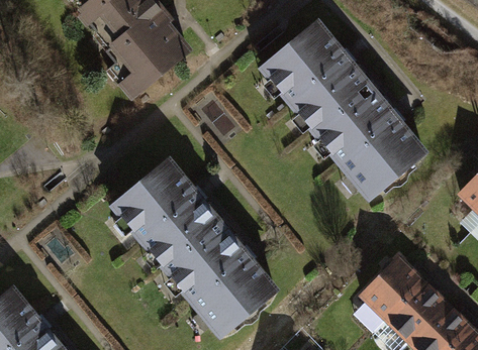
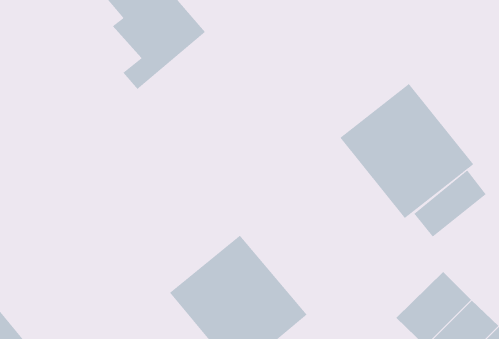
building: [256,21,371,136] -> none
building: [106,159,221,273] -> none
building: none -> [413,169,486,237]

